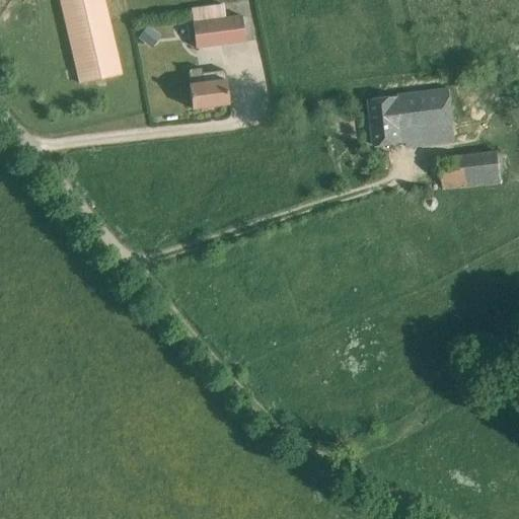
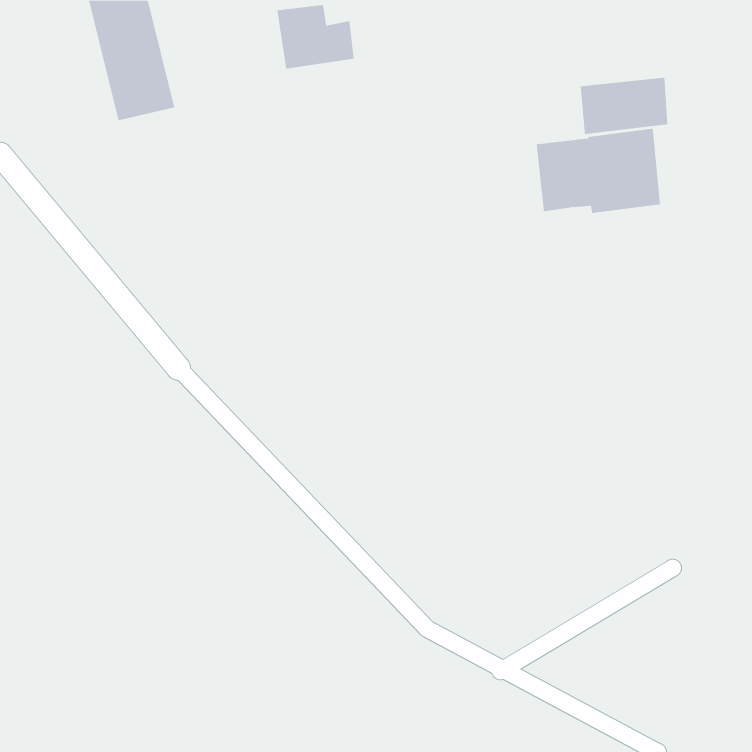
building: [188,64,229,107] -> none
building: [440,151,501,191] -> [580,77,668,135]

